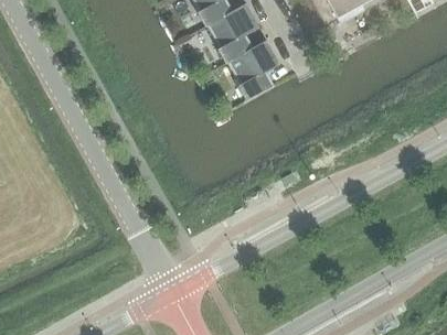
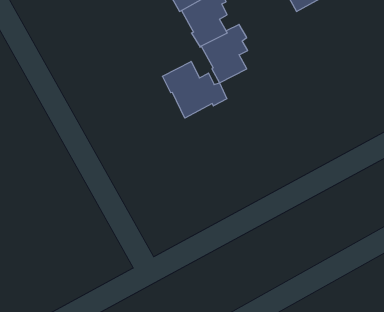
building: none -> [162,61,227,118]

